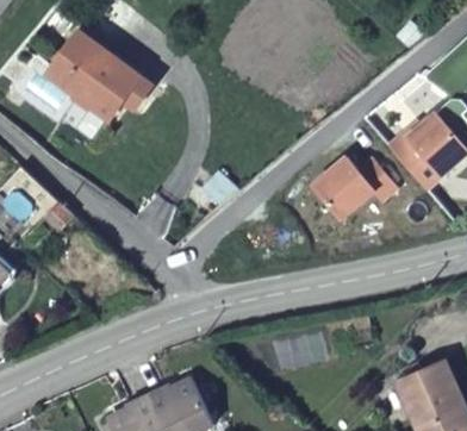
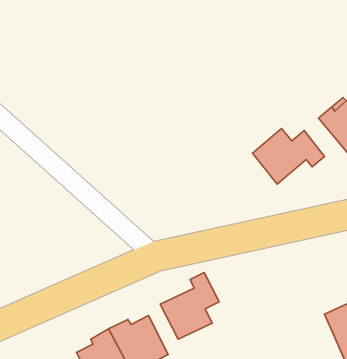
building: [49,25,154,114] -> none
building: none -> [160,273,219,339]

